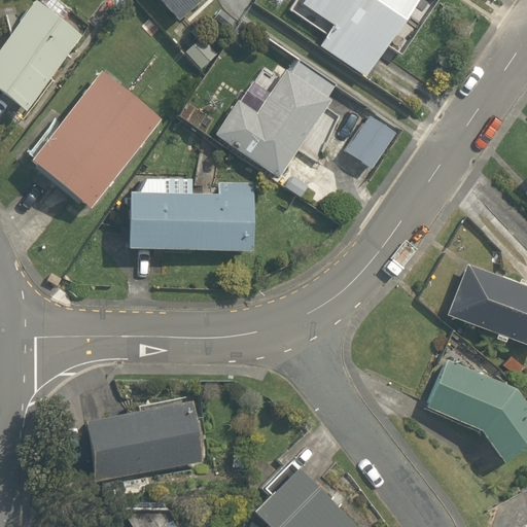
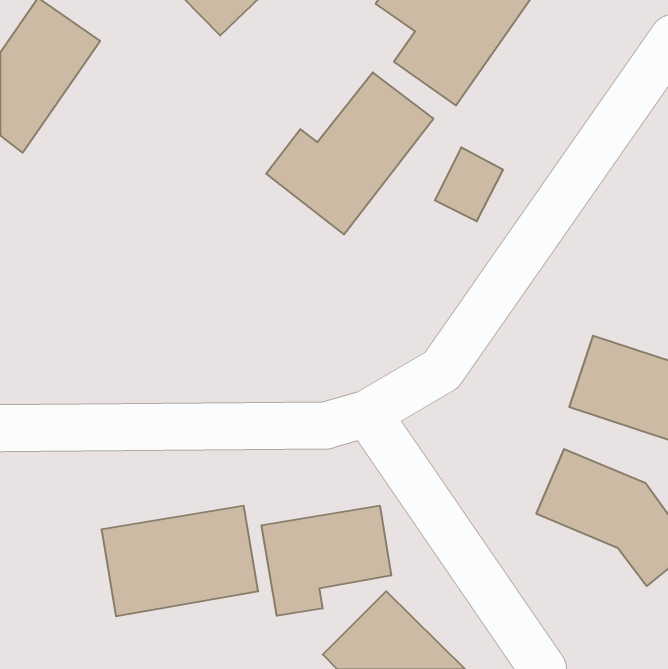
building: [16,67,163,215] -> none
building: [120,192,250,259] -> none
building: none -> [262,506,391,616]

